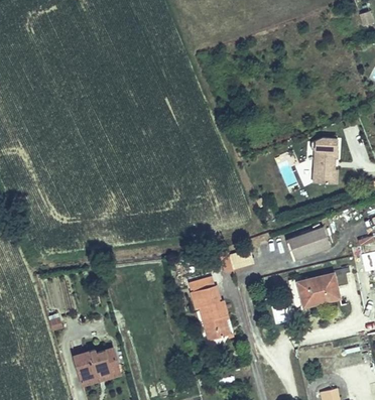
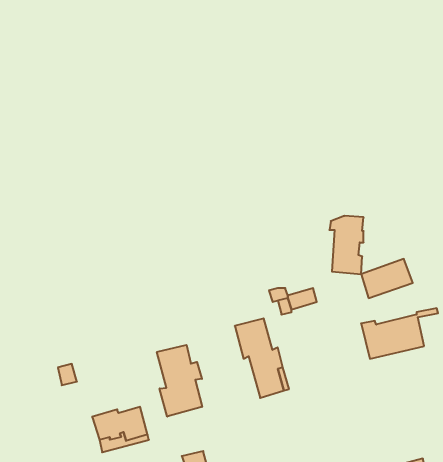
building: [311,139,339,185] -> [329,216,364,274]
building: none -> [157,345,202,417]

